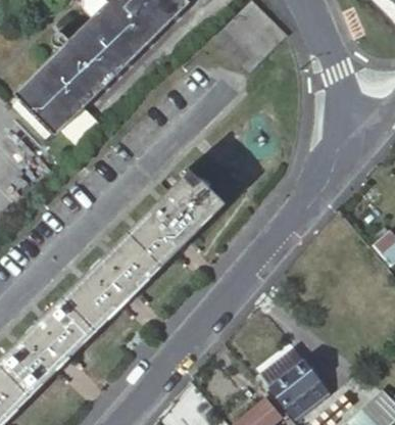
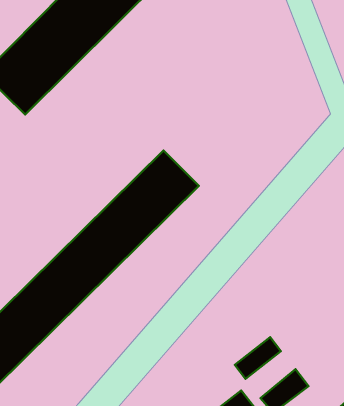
building: [269,362,317,407] -> none

